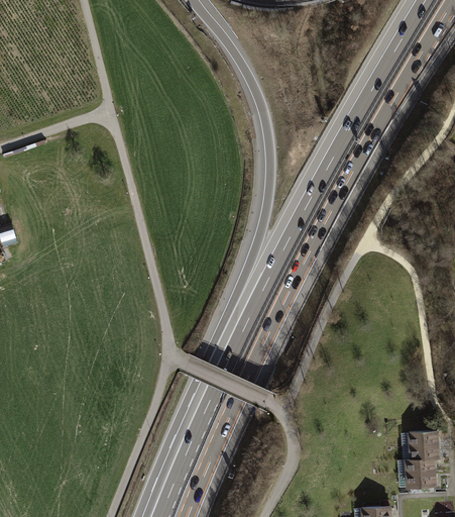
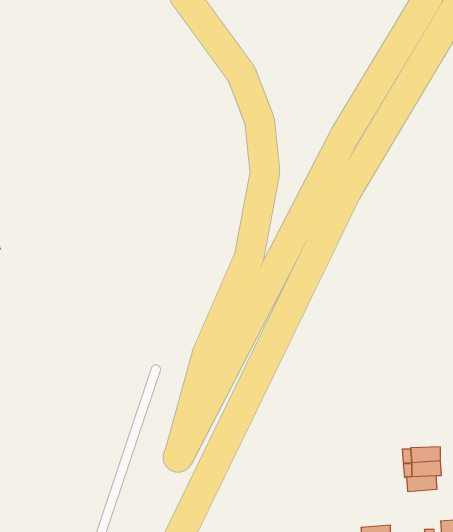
building: [406,473,435,488] -> none

